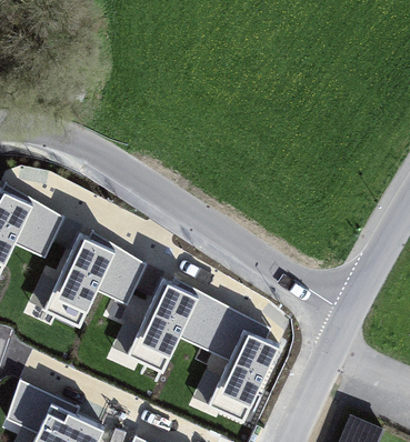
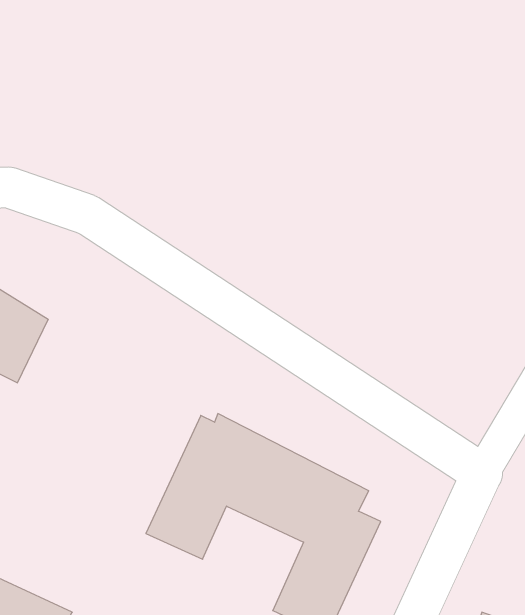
building: [42,231,147,329] -> none

